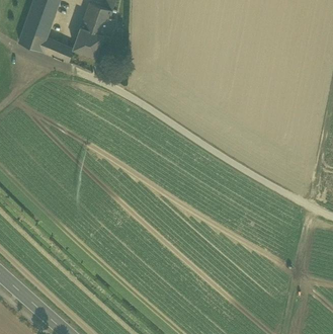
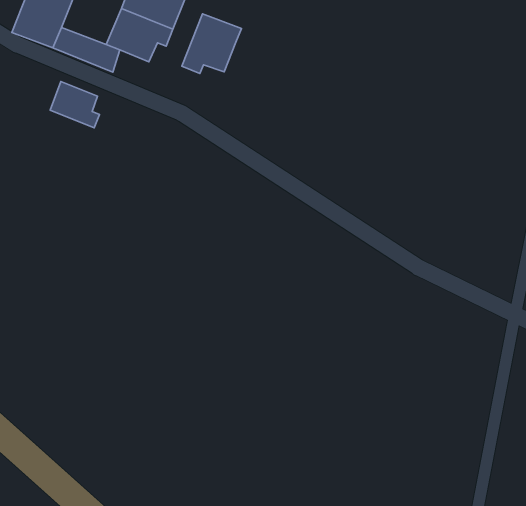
building: none -> [182,14,242,73]
building: none -> [50,81,100,128]

